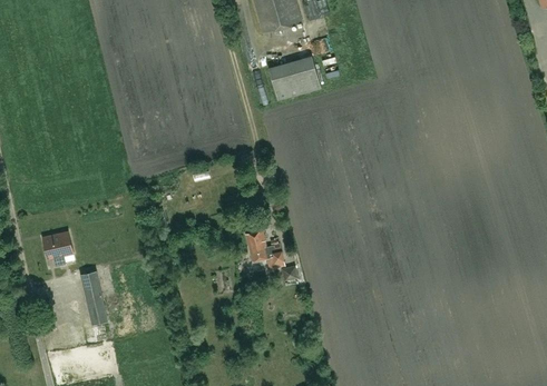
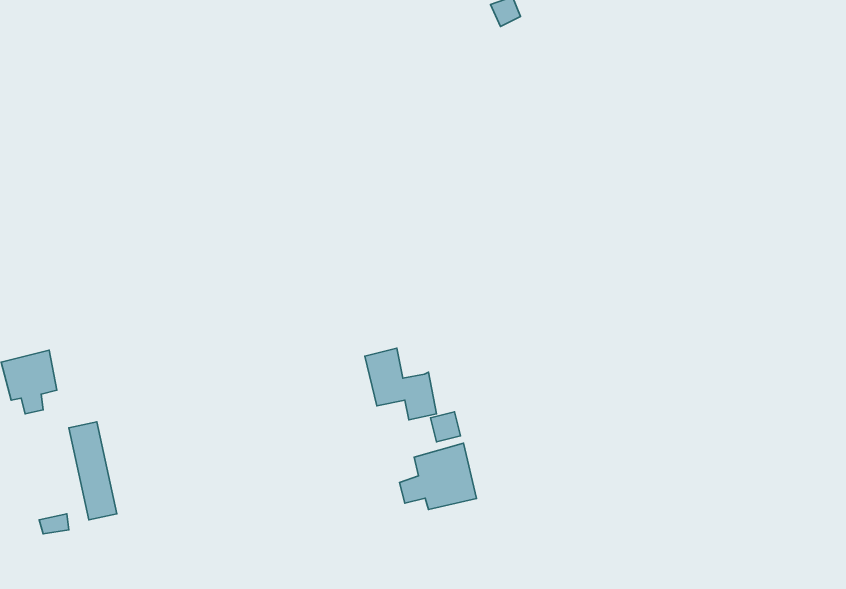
building: [268,56,321,100] -> none
building: none -> [399,443,477,509]

